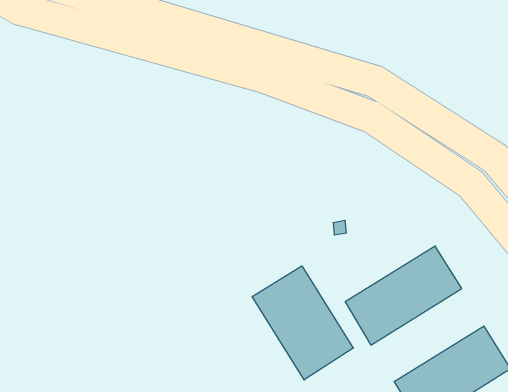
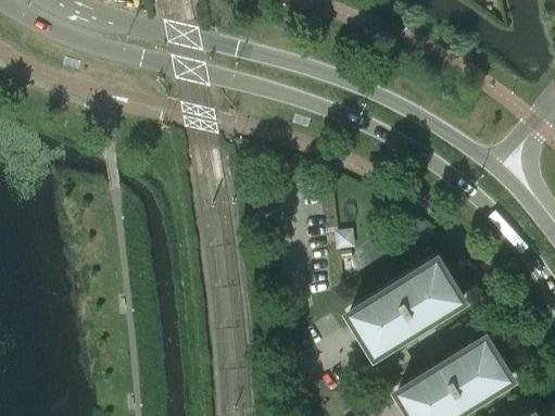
building: [252,266,353,380] -> none

